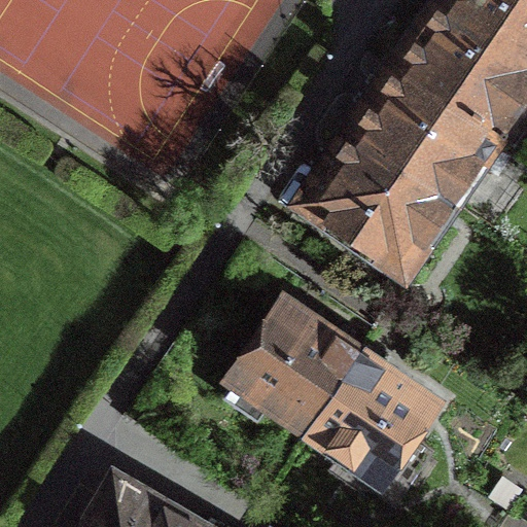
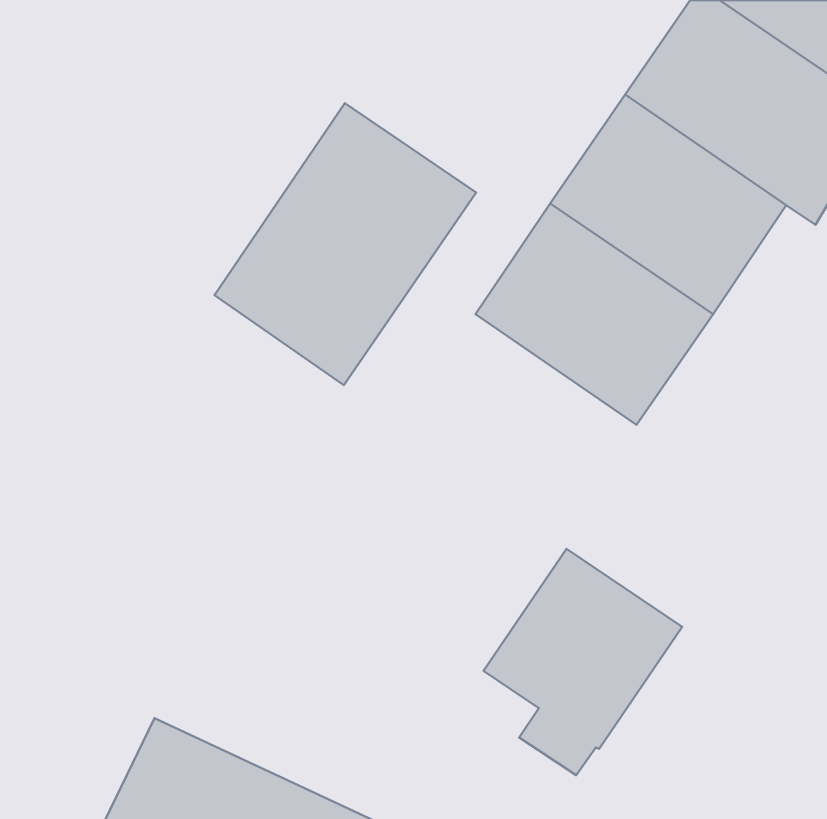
building: none -> [214,103,476,385]
building: [225,306,361,432] -> none

